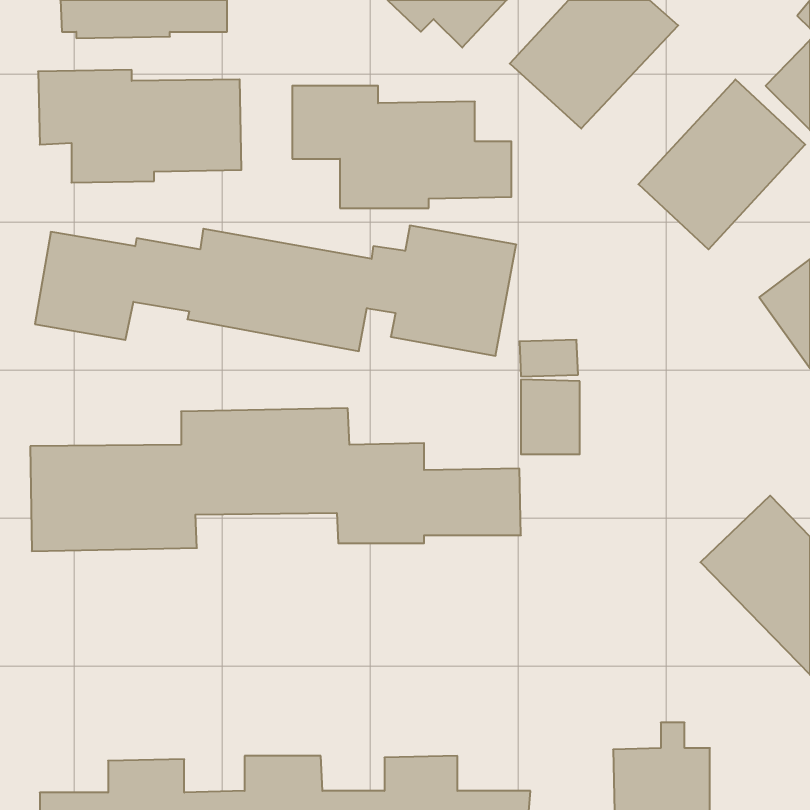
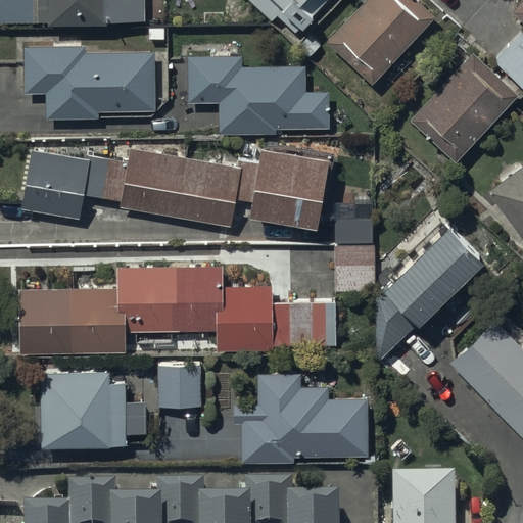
building: none -> [377,229,483,358]
building: none -> [158,365,201,407]
building: none -> [41,372,129,447]
building: none -> [235,375,370,464]

